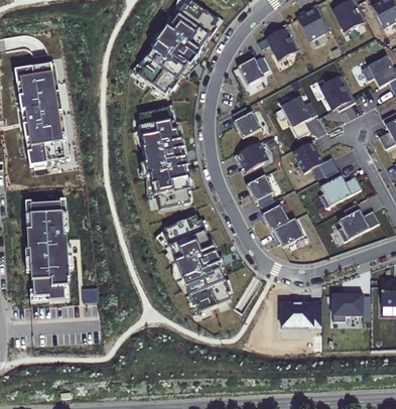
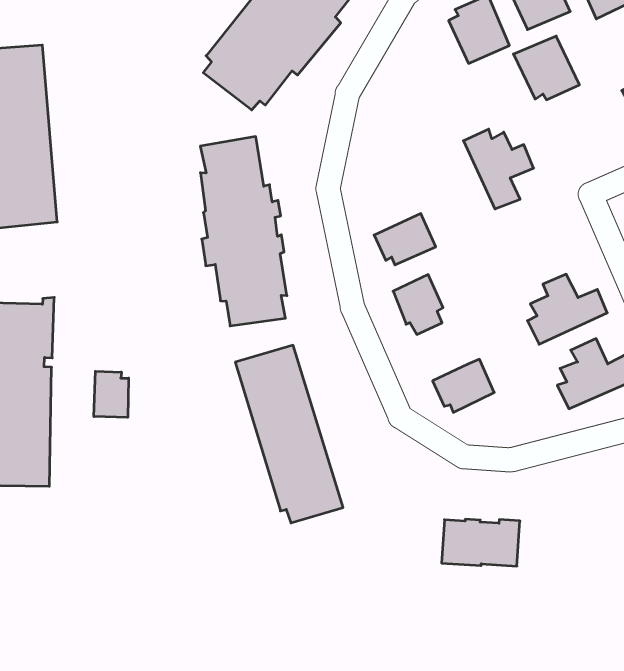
building: [237,56,268,85] -> none
building: [319,76,356,110] -> [513,36,579,100]
building: [232,107,260,137] -> none
building: [293,142,338,176] -> none
building: [260,199,288,231] -> none
building: none -> [94,371,129,417]
building: [333,292,363,321] -> none

